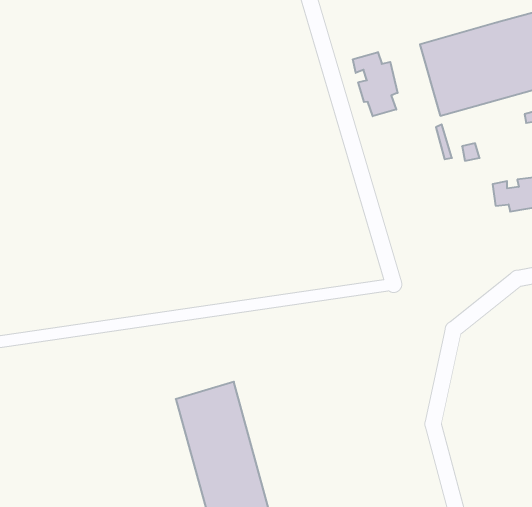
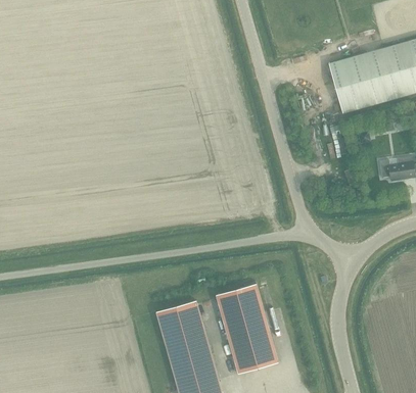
building: [353,52,398,116] -> none
building: none -> [215,284,277,374]

